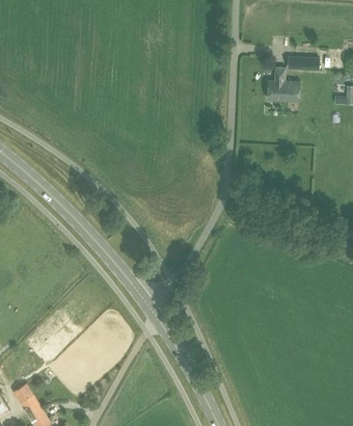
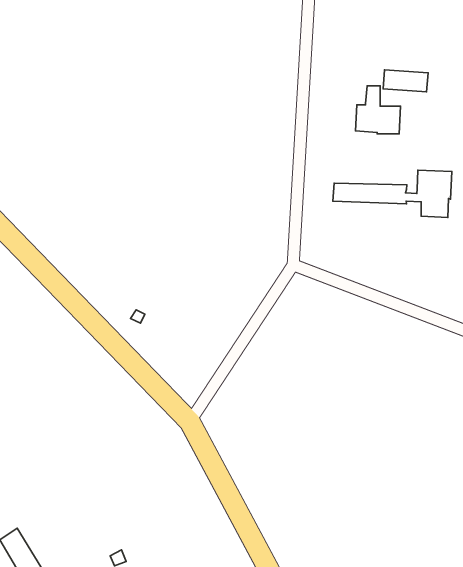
building: none -> [333,170,452,217]

